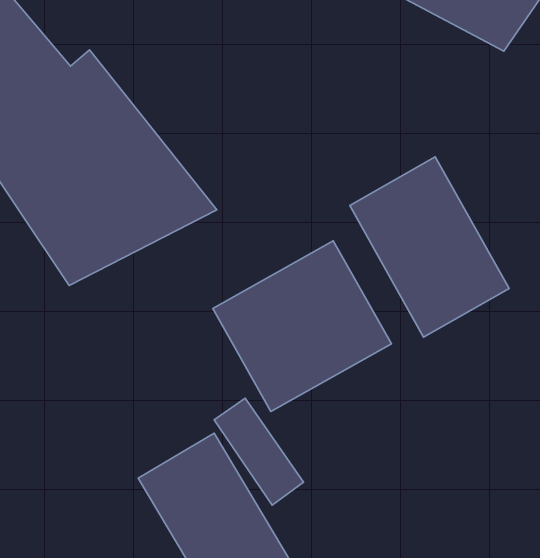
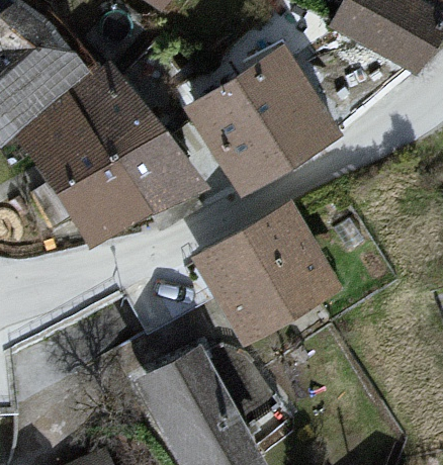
building: none -> [199,42,347,181]
building: [350,157,509,337] -> none

